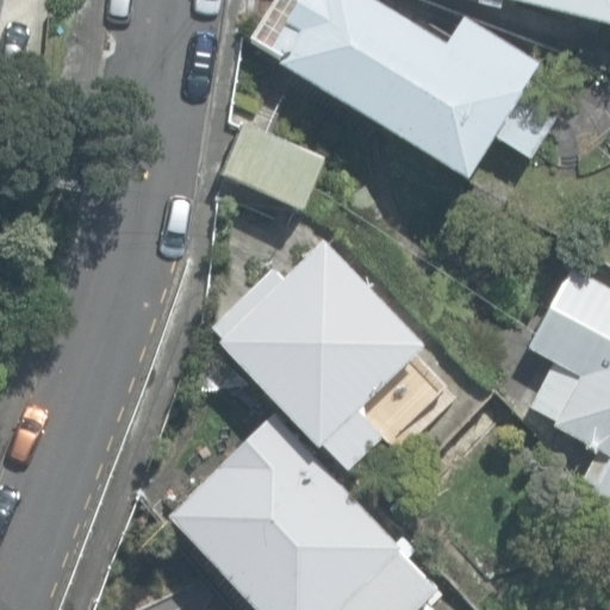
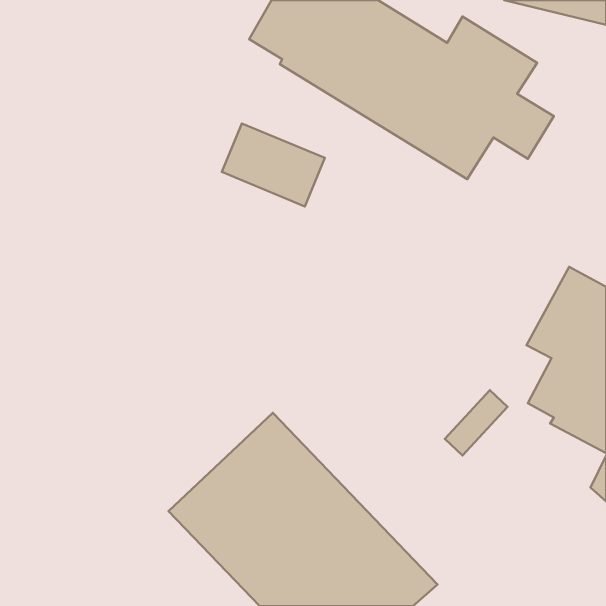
building: [212,239,425,469] -> none

